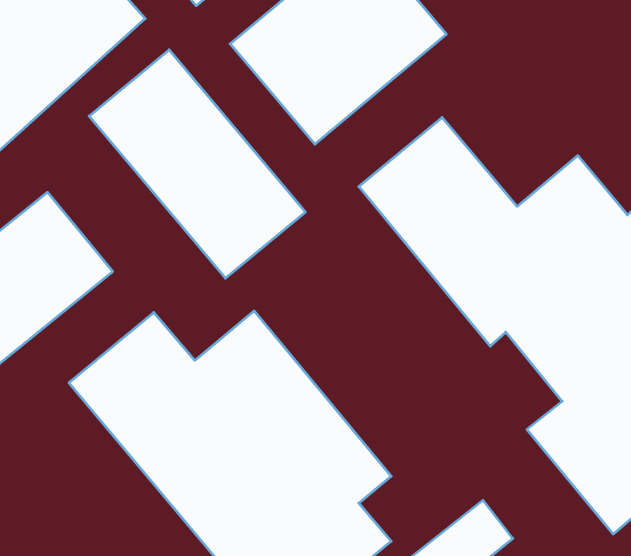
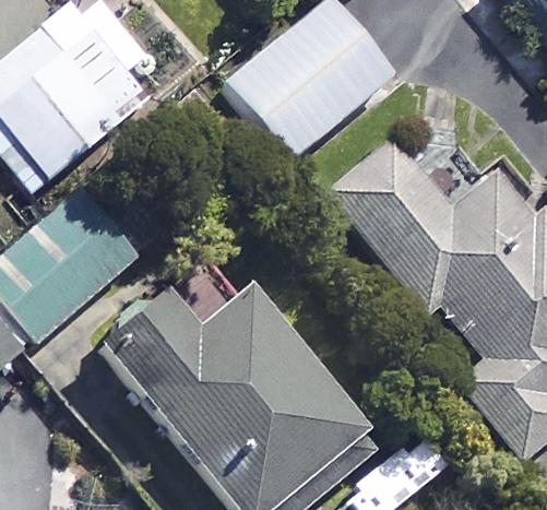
building: [89,50,305,278] -> none

